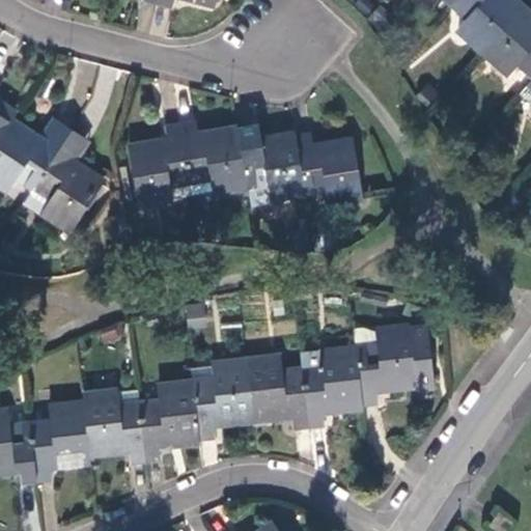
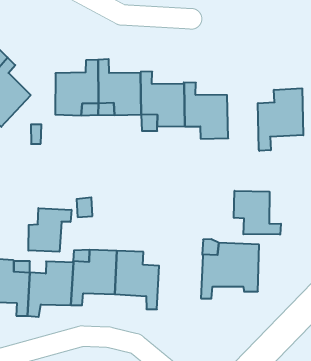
building: none -> [258,88,303,151]
building: none -> [234,191,281,235]
building: none -> [28,208,71,252]
building: [300,350,362,427] -> none

